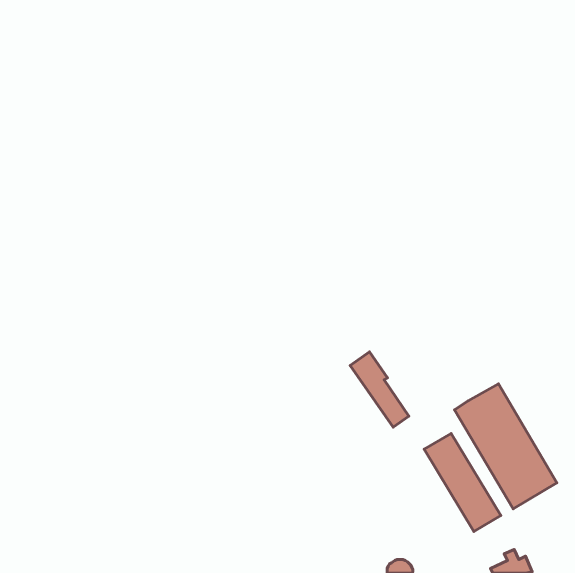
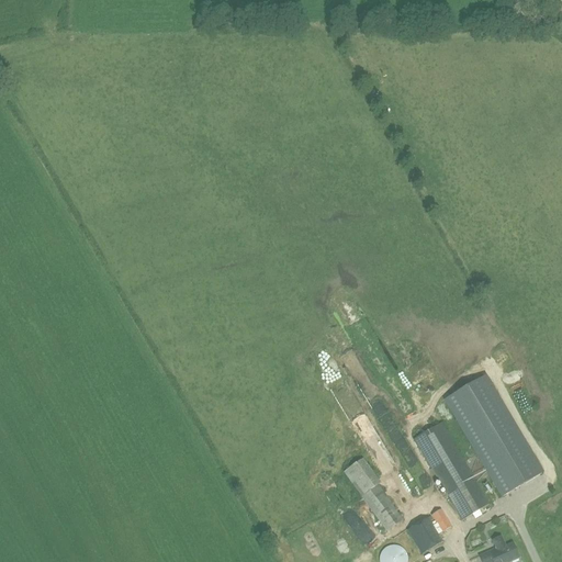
building: [350,352,409,427] -> [346,457,403,530]
building: none -> [407,509,451,553]

